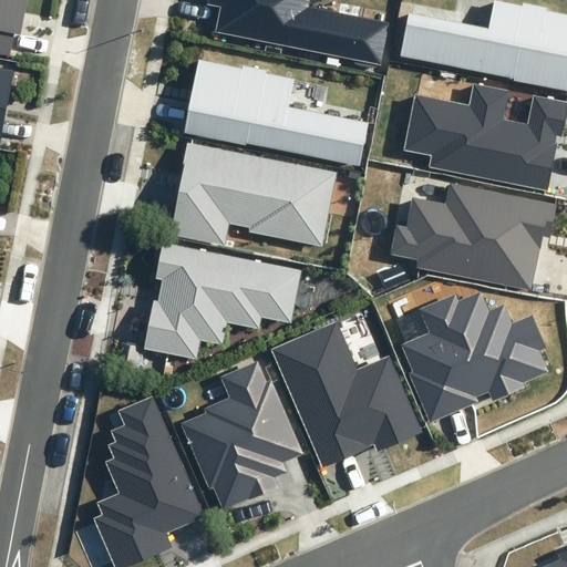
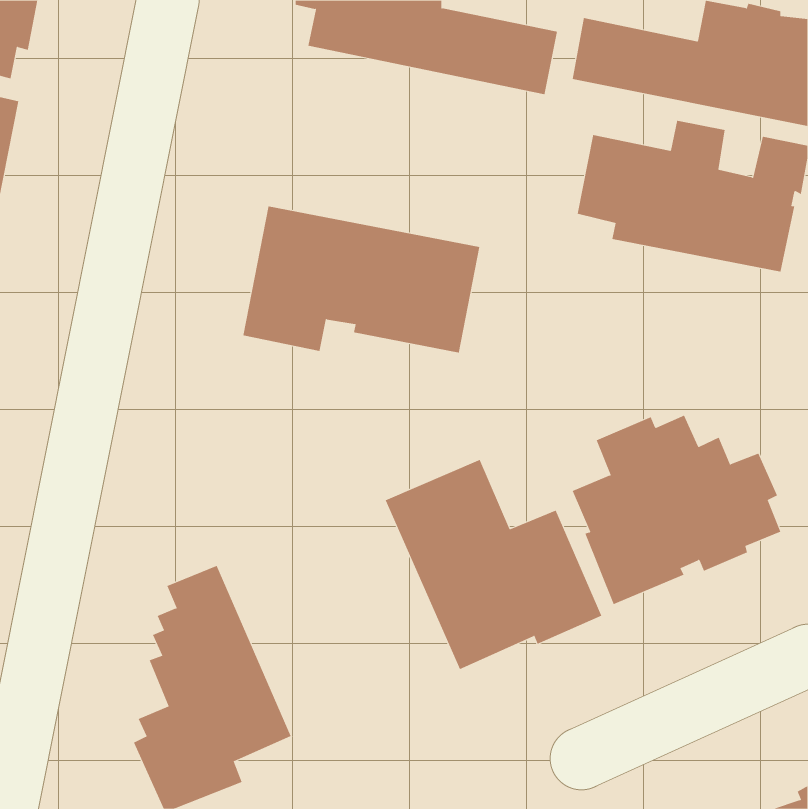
building: [183,59,368,166] -> none
building: [389,184,554,291] -> none
building: [144,243,301,359] -> none
building: [178,362,301,509] -> none

